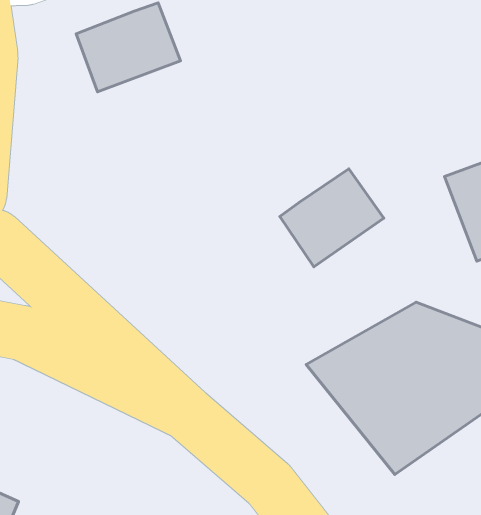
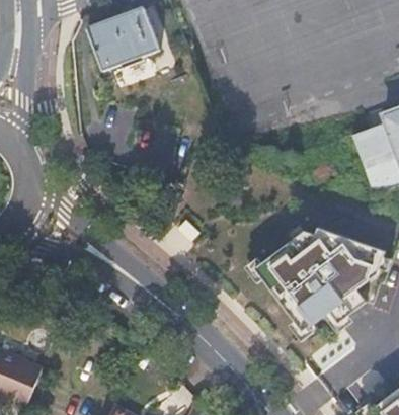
building: [280,169,384,267] -> none

